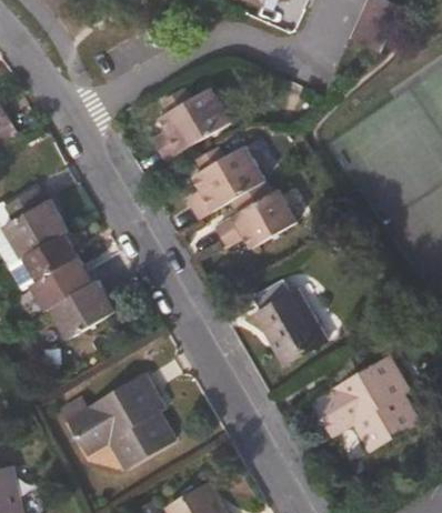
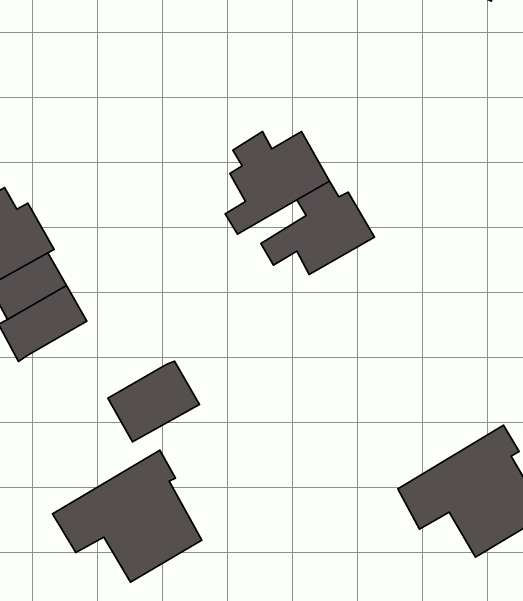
building: [158,88,230,161] -> none
building: [50,280,115,338] -> [108,361,200,442]
building: [253,280,329,365] -> none

